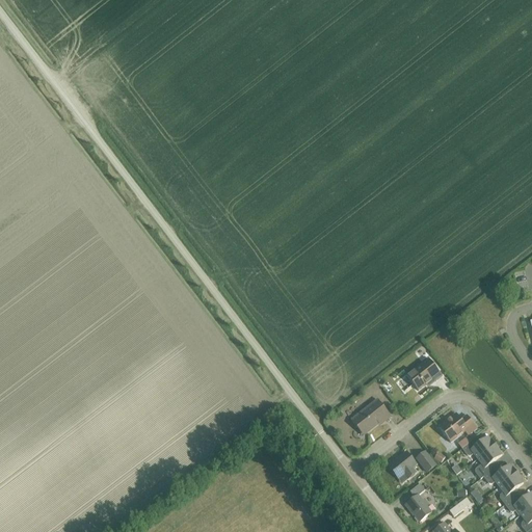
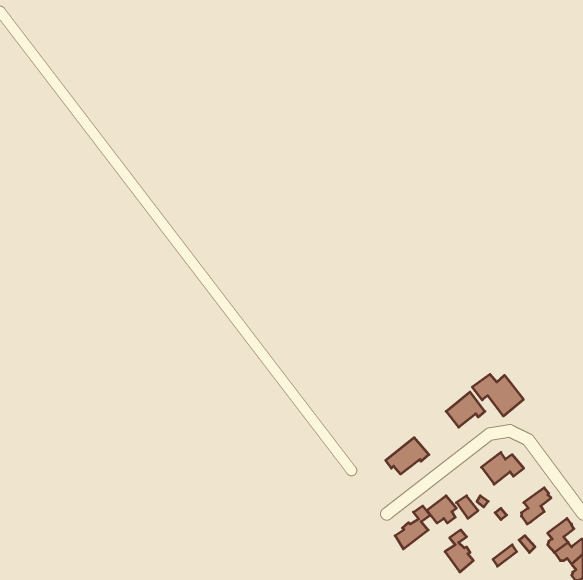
building: none -> [472,374,523,416]
building: [461,435,496,458] -> none
building: none -> [395,506,430,549]
building: [483,463,516,486] -> none

